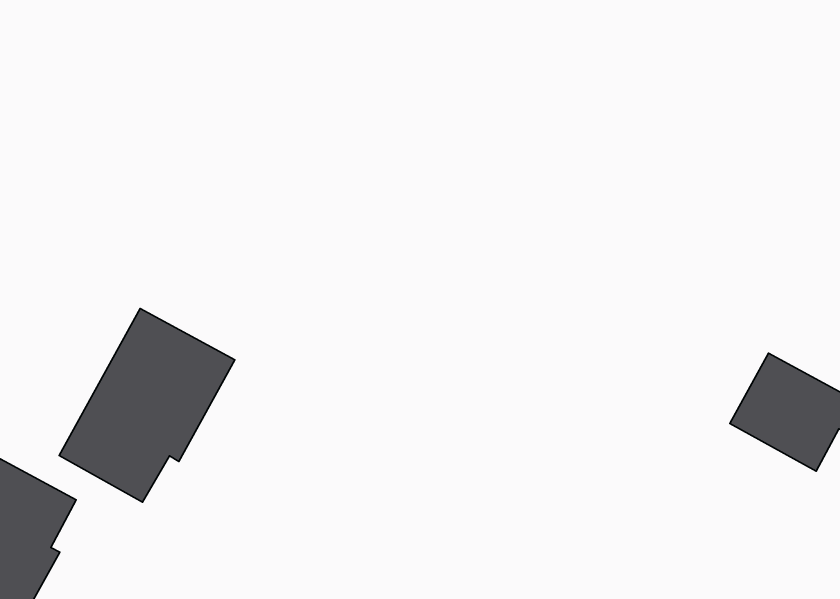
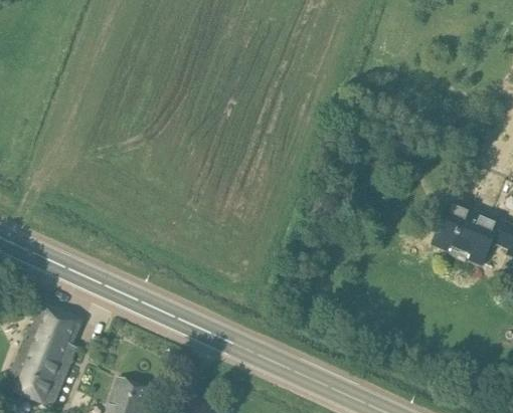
building: [59,309,235,502] -> none

